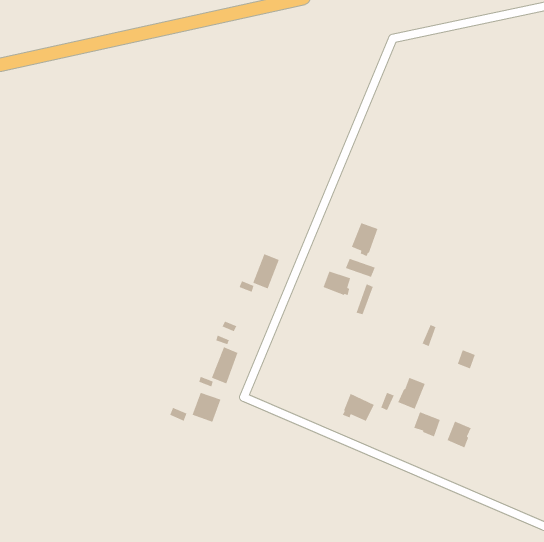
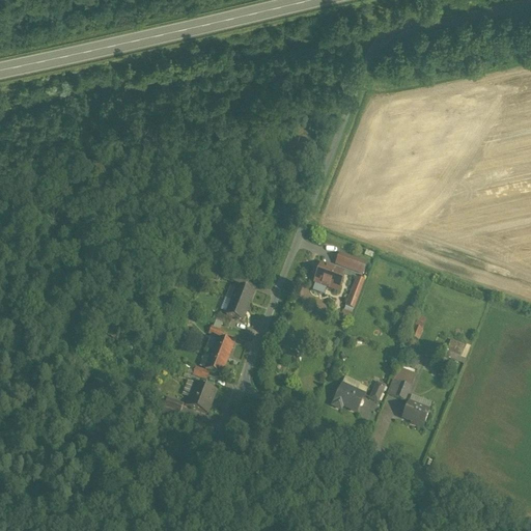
building: [351,222,378,257] -> none
building: [252,253,280,289] -> [226,284,253,319]
building: [447,421,472,449] -> none

